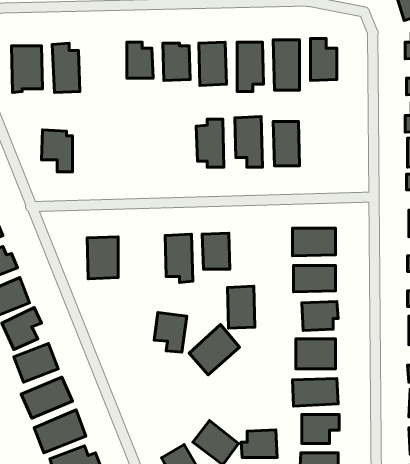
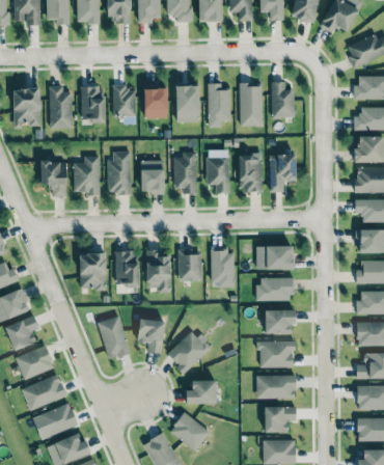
building: none -> [81,86,104,121]
building: none -> [108,152,131,194]
building: none -> [269,154,297,192]
building: none -> [74,156,101,194]
building: none -> [141,161,165,193]
building: none -> [115,251,138,286]
building: [227,286,255,328] -> [211,250,235,286]
building: none -> [98,316,131,360]
building: [241,430,277,458] -> [186,380,217,404]

